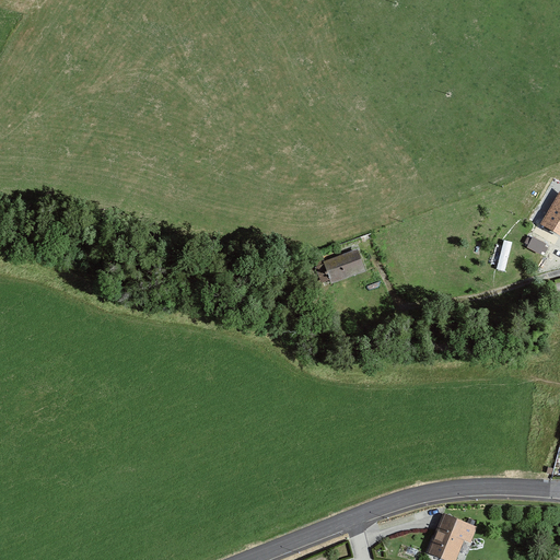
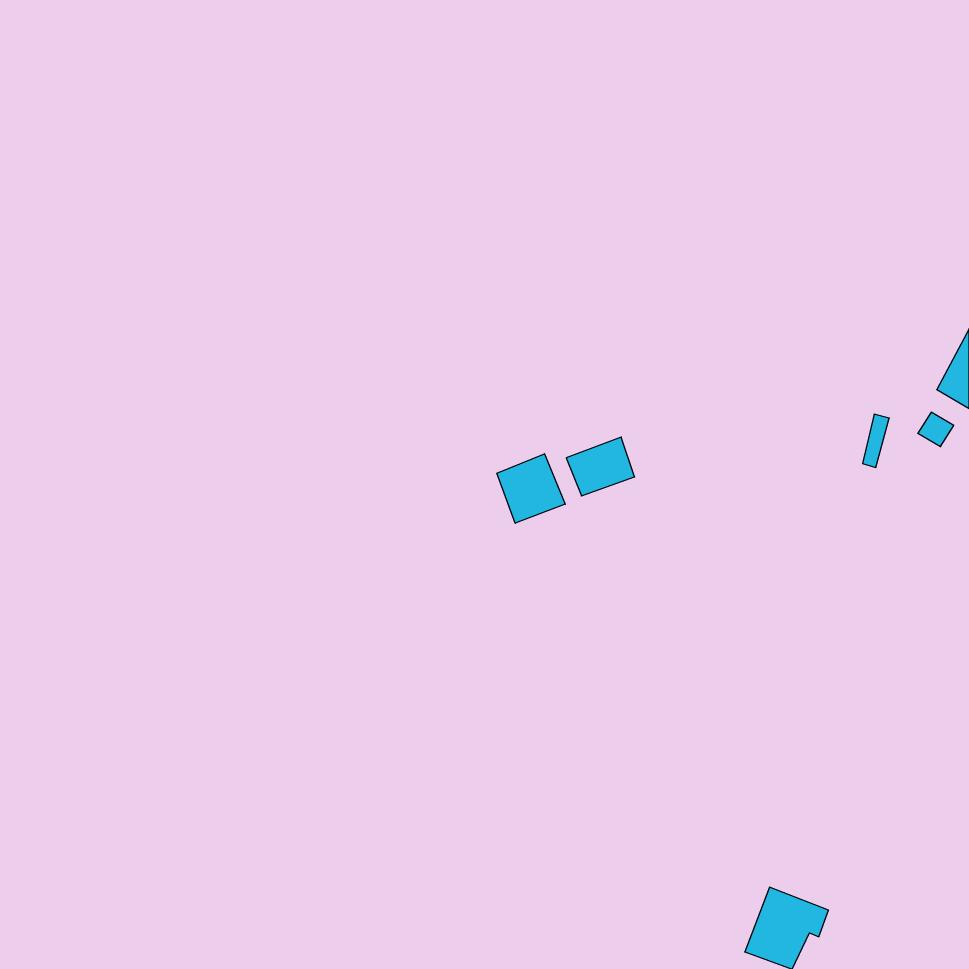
building: none -> [497,454,565,523]

